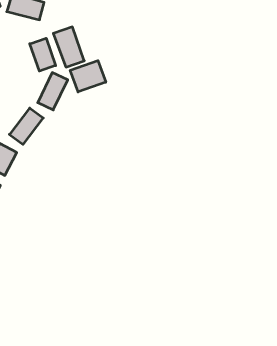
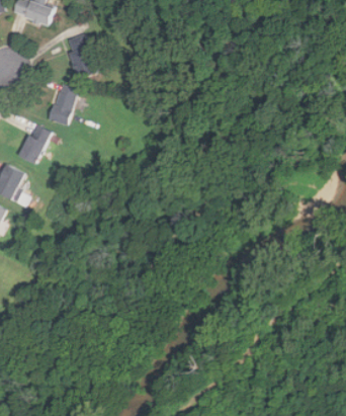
building: [30,38,56,71] -> none
building: [70,61,106,92] -> none

